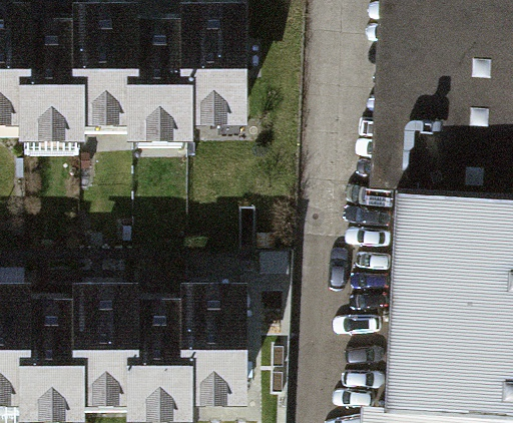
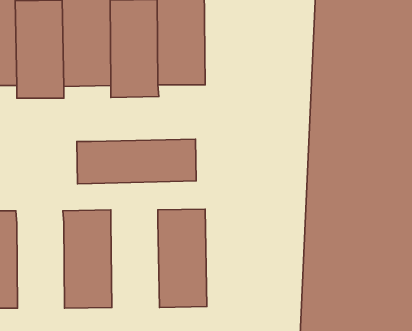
building: none -> [77,139,196,184]
building: [136,289,194,407] -> none
building: [24,291,81,408] -> none

